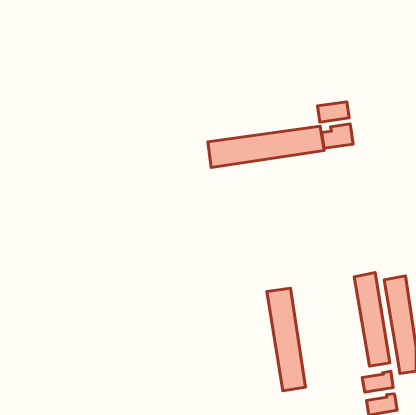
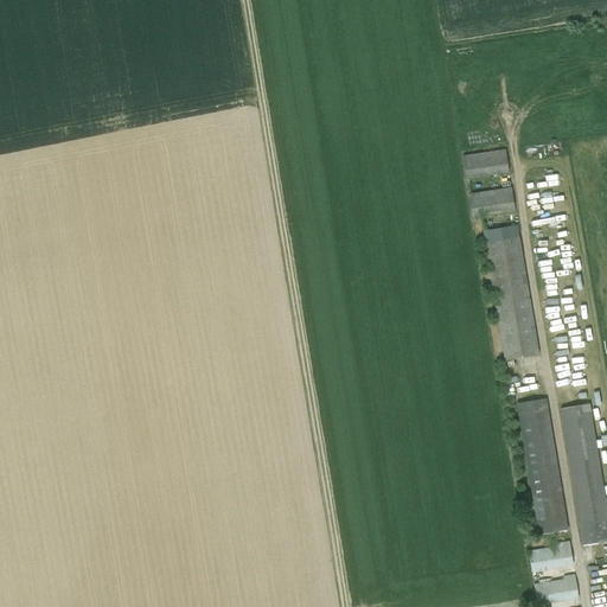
building: [208,126,324,168] -> none
building: none -> [483,224,539,359]
building: [267,288,305,391] -> none

